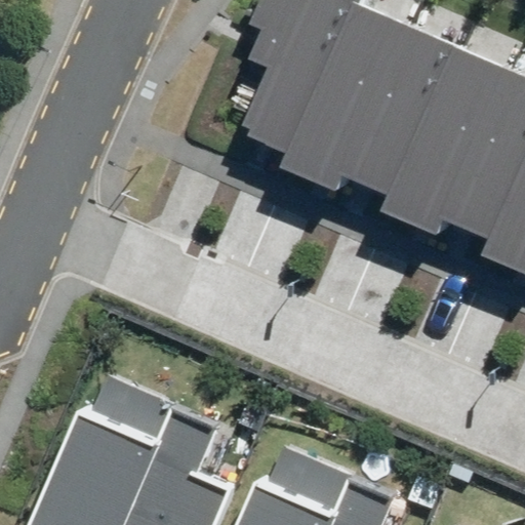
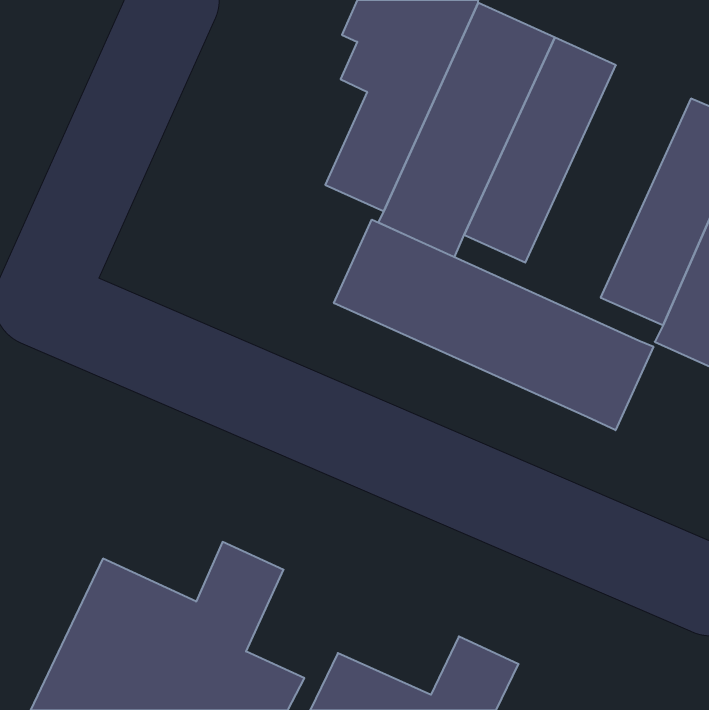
building: [383,48,511,232] -> none
building: none -> [334,220,653,430]

